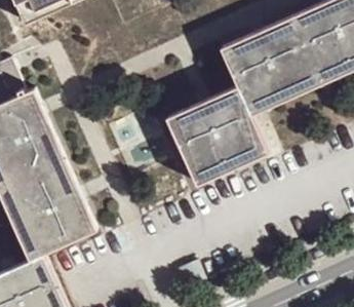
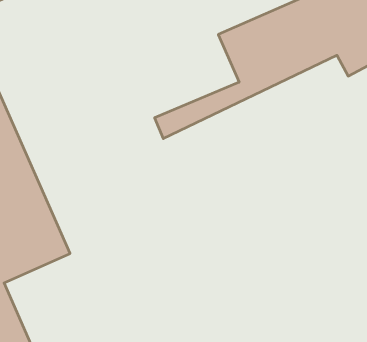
building: [173,66,328,186] -> none

